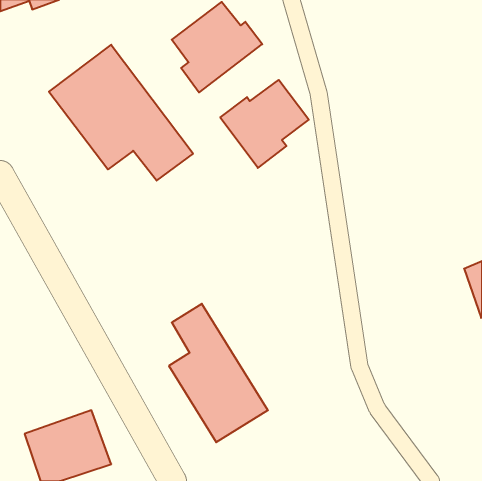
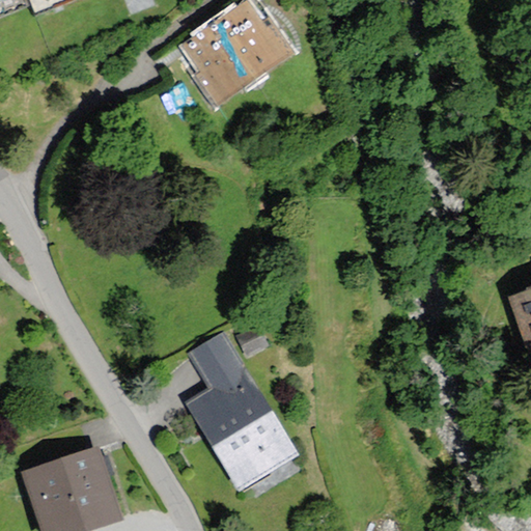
building: [49,45,193,181] -> none
building: [220,80,309,168] -> none

